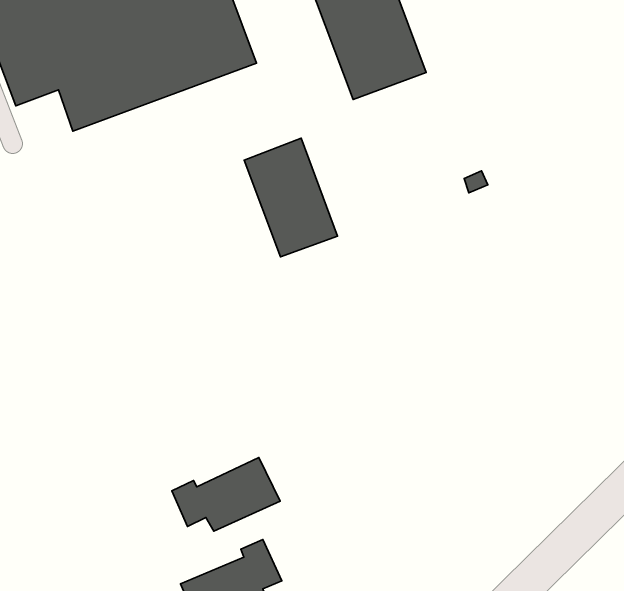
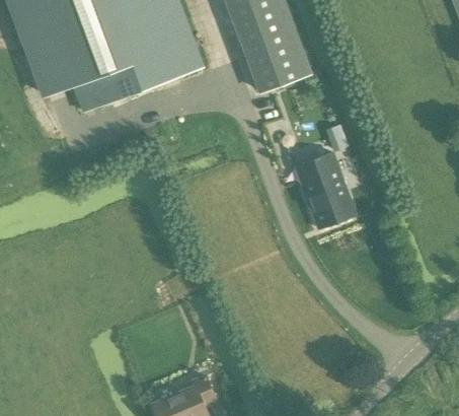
building: [244,138,338,257] -> [296,152,356,228]
building: [172,457,280,531] -> none

